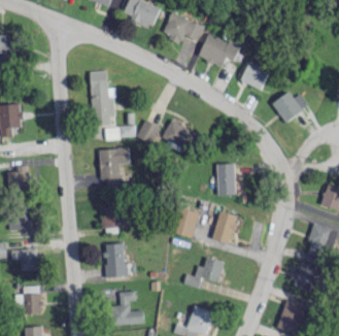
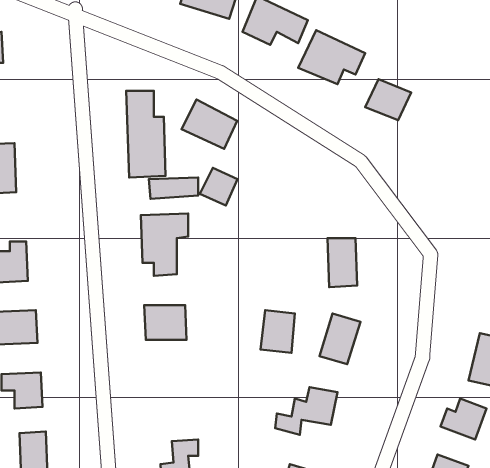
building: [271,92,308,123] -> none
building: [162,120,197,150] -> [182,100,237,149]
building: [104,243,126,277] -> none

